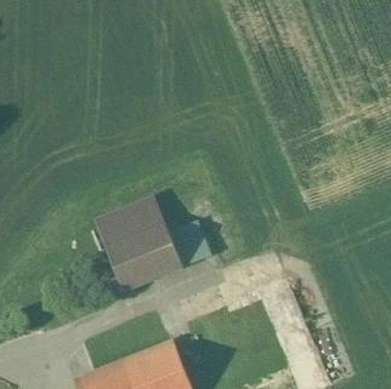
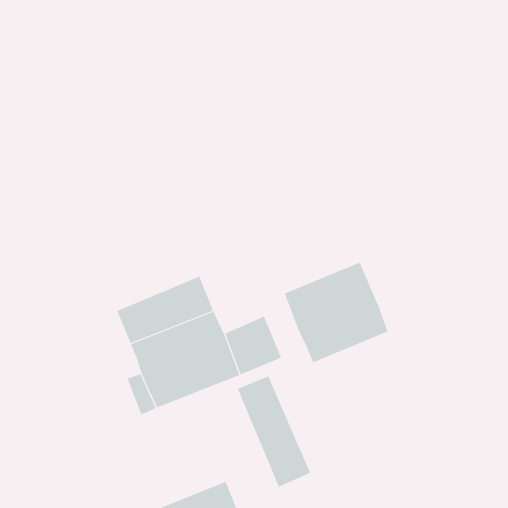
building: none -> [284,262,388,363]
building: none -> [237,376,311,487]

